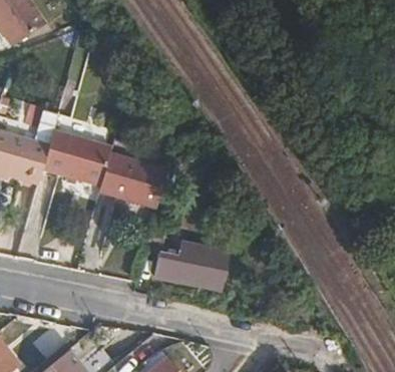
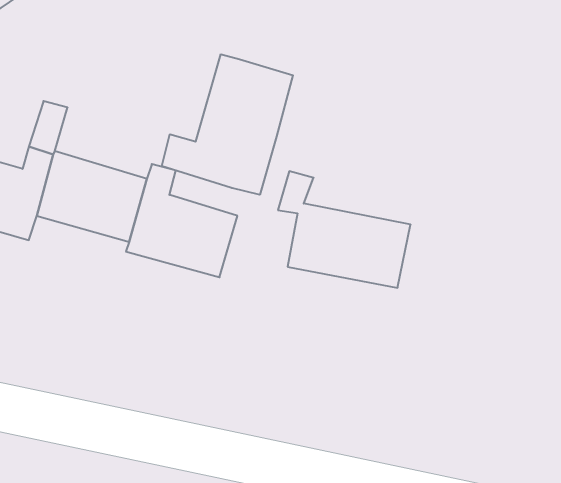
building: none -> [162,54,293,195]
building: [148,219,231,291] -> [278,171,411,288]

